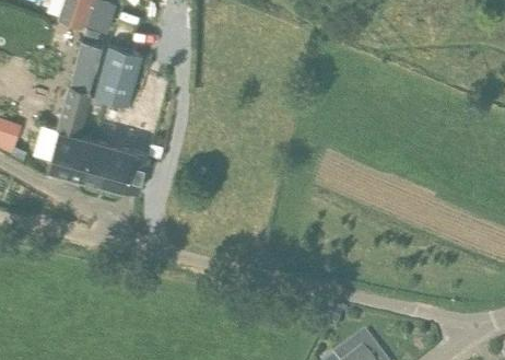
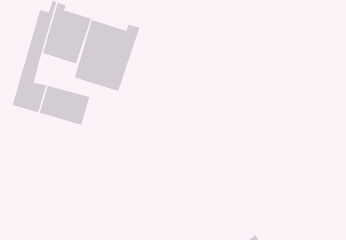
building: none -> [74,19,140,92]

